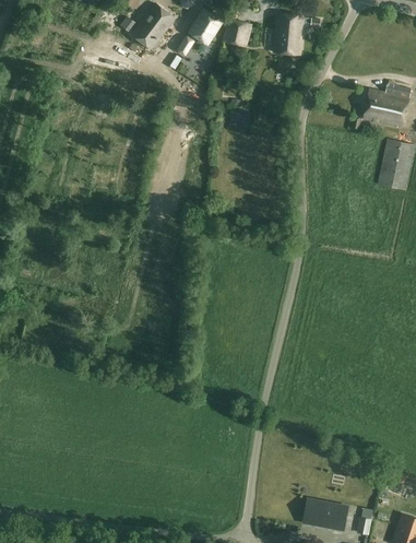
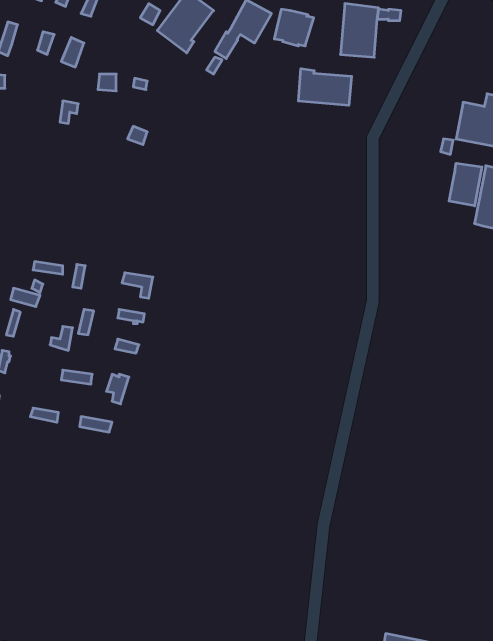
building: none -> [298,69,352,105]
building: none -> [449,163,482,206]

